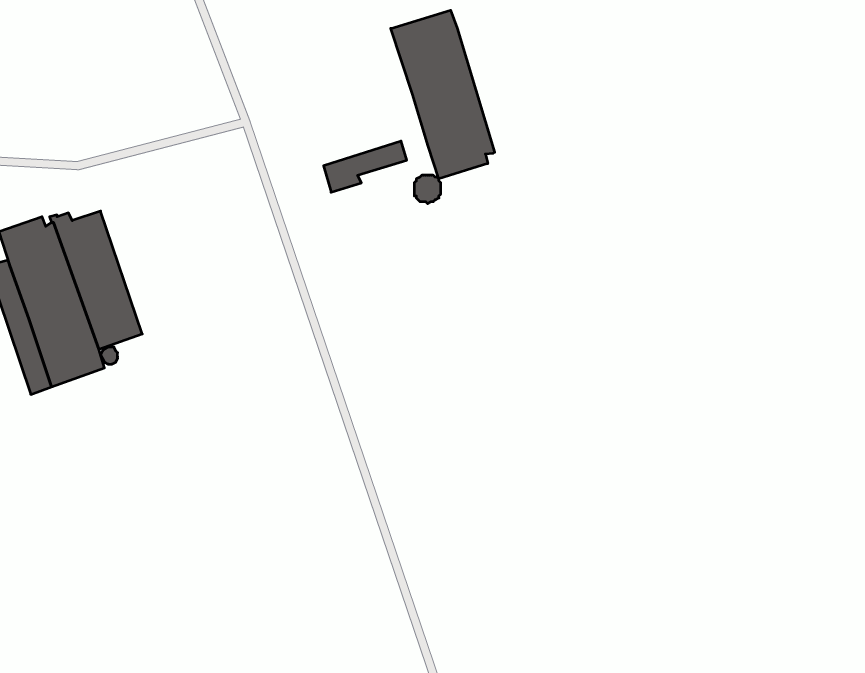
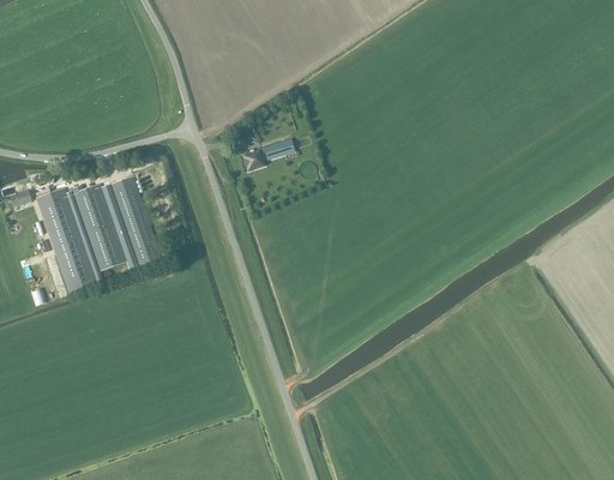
building: [391,10,495,179] -> none
building: none -> [110,173,165,269]

